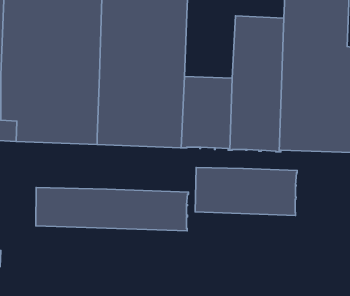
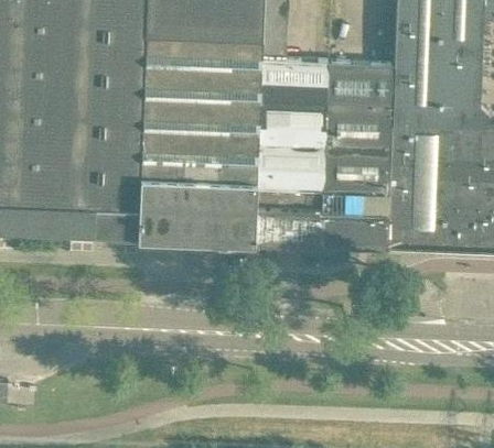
building: none -> [257,63,326,150]
building: [195,168,297,215] -> none
building: [36,187,189,231] -> none

